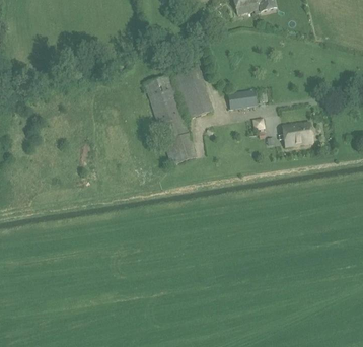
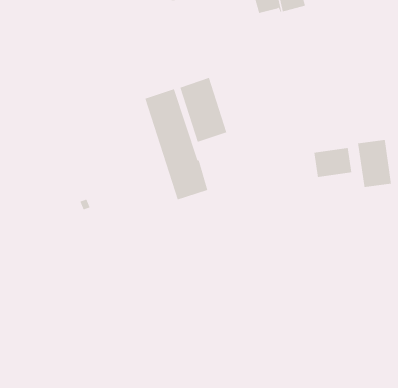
building: [226,88,256,109] -> none
building: none -> [358,139,392,188]

